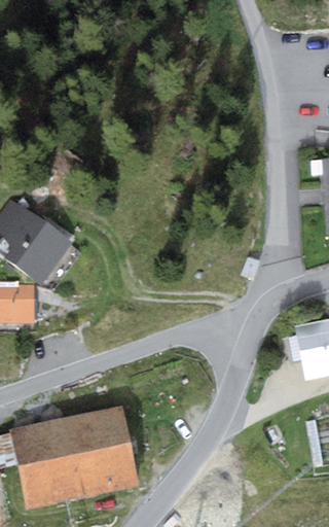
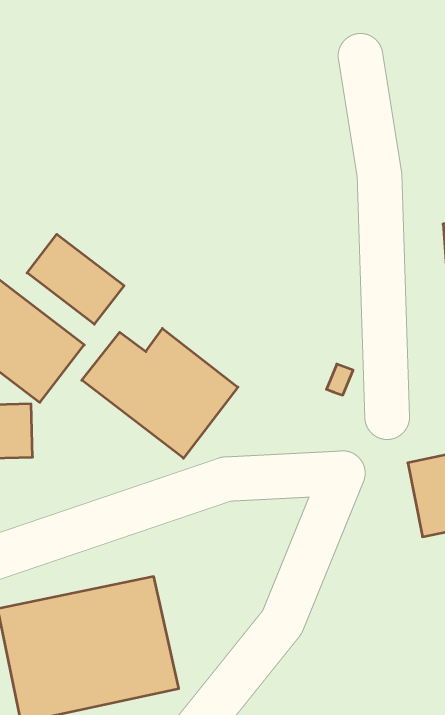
building: none -> [27,234,124,324]
building: none -> [82,328,238,458]

